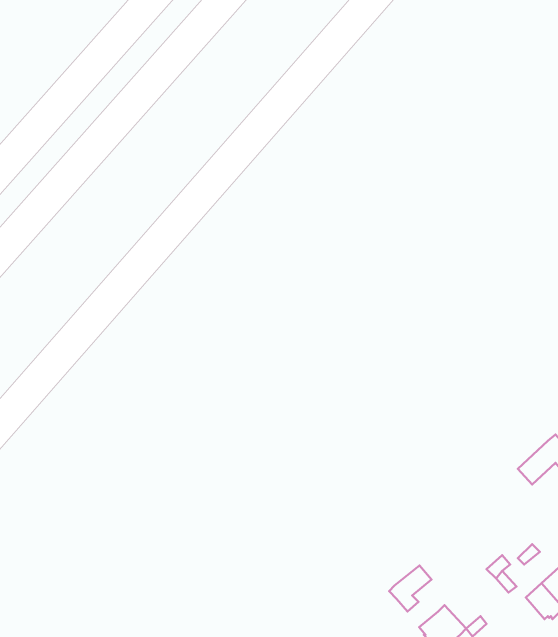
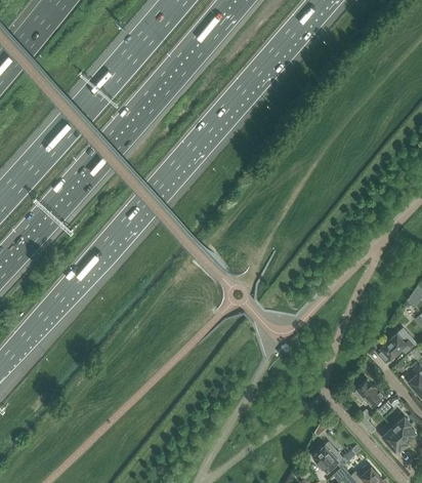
building: none -> [353,379,383,407]
building: [389,565,432,611] -> none

